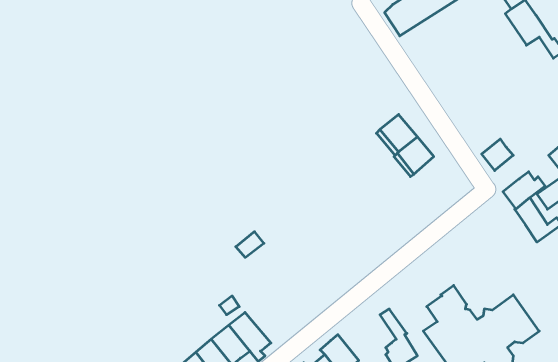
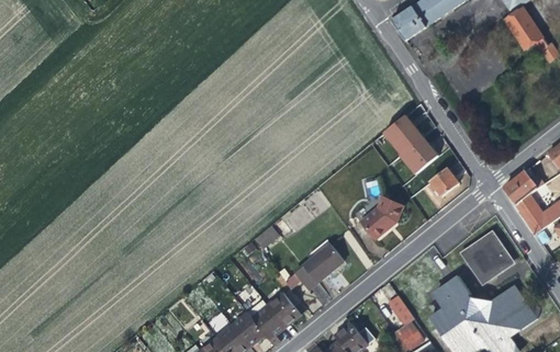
building: [482,139,513,171] -> [432,168,461,197]
building: none -> [361,196,404,239]
building: none -> [461,232,513,283]
building: none -> [287,243,346,292]
building: none -> [267,293,302,329]

